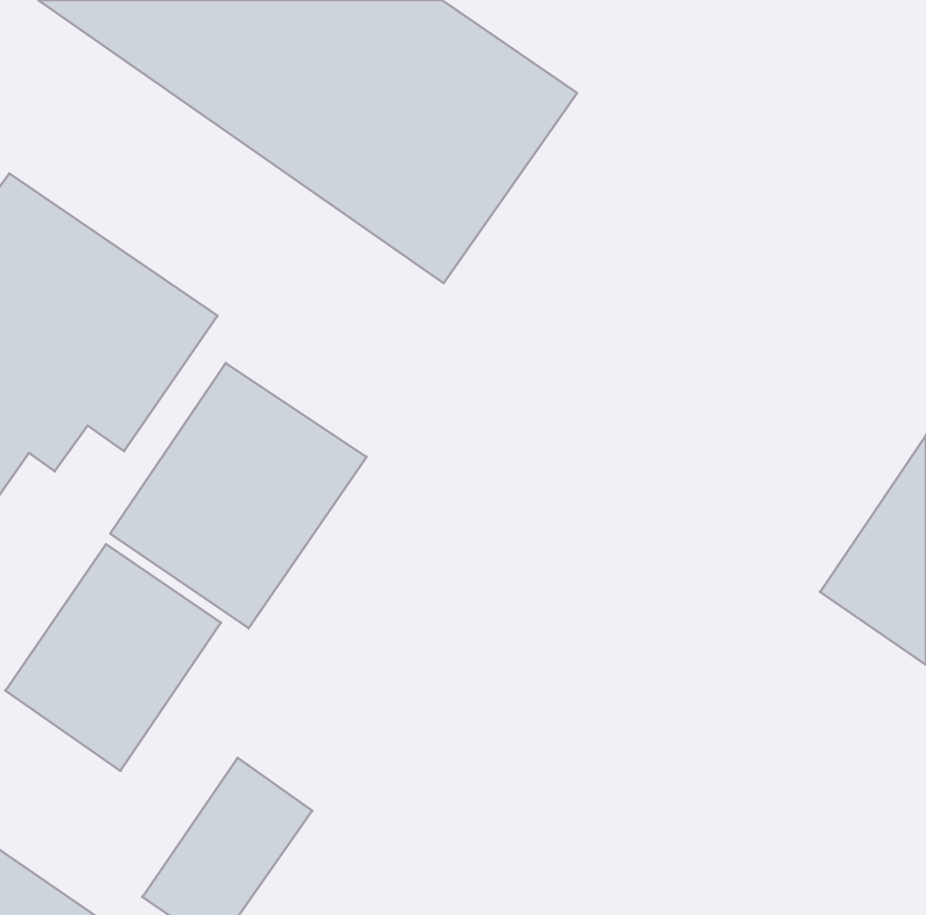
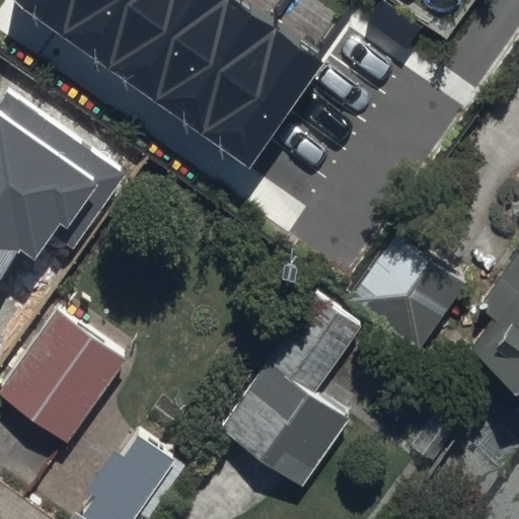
building: [110,363,366,628] -> none
building: none -> [346,231,464,345]
building: none -> [219,295,362,488]

